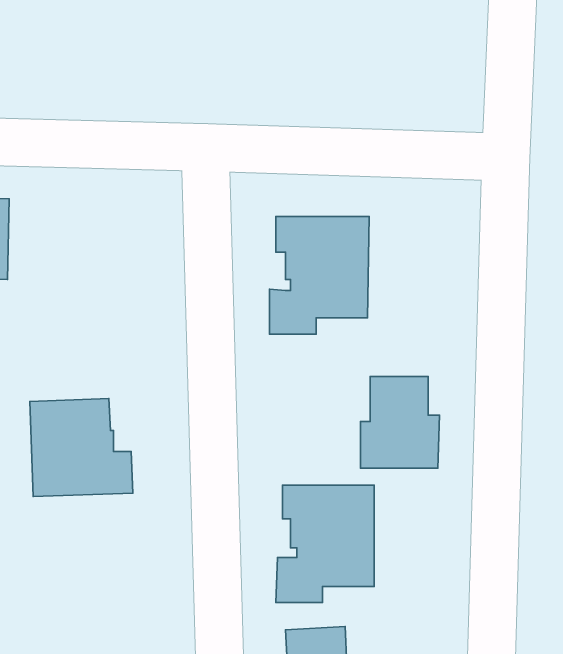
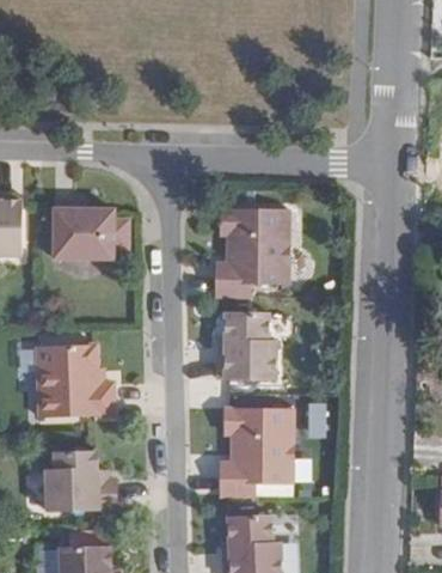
building: none -> [54,201,128,260]
building: [361,377,439,468] -> [217,312,276,380]
building: none -> [45,451,116,512]

